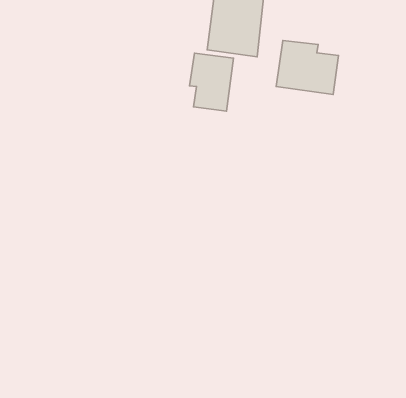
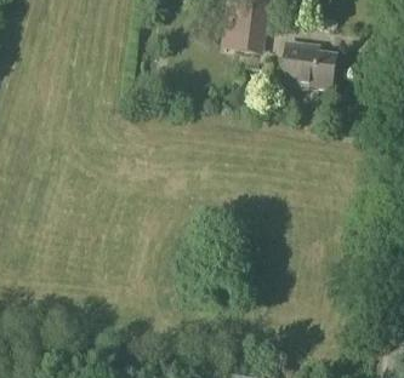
building: [190,53,234,111] -> none

